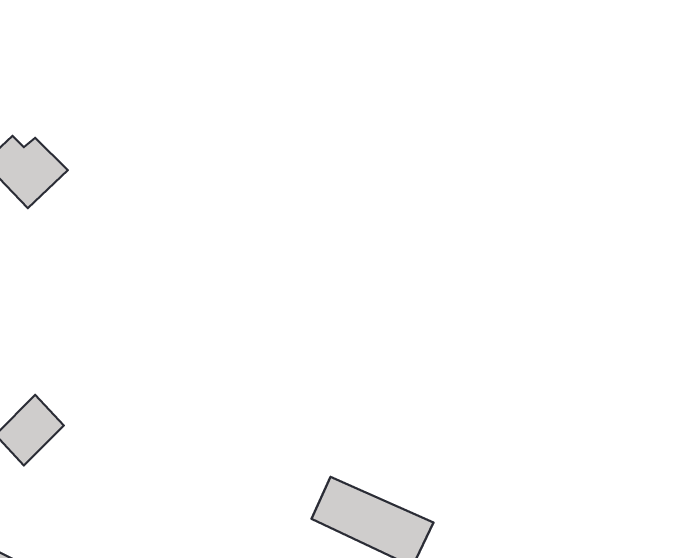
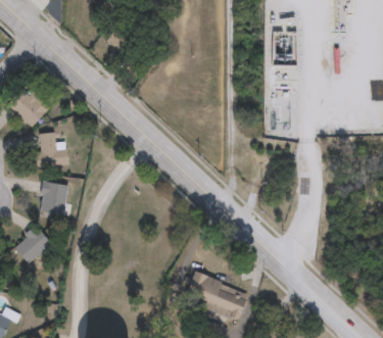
building: none -> [31,132,68,167]
building: none -> [39,183,66,212]

